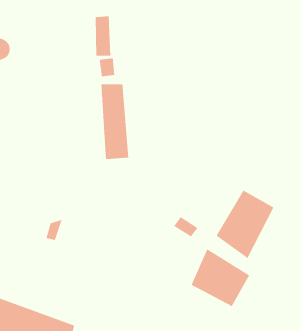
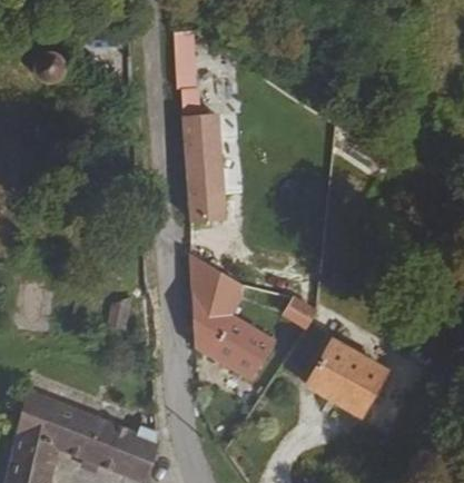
building: none -> [189,256,276,380]
building: [216,189,275,259] -> none

